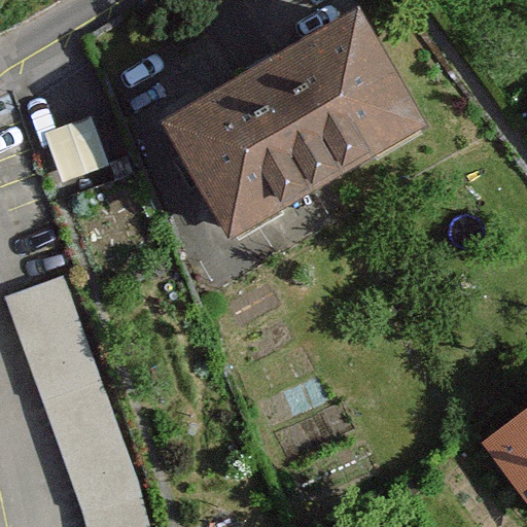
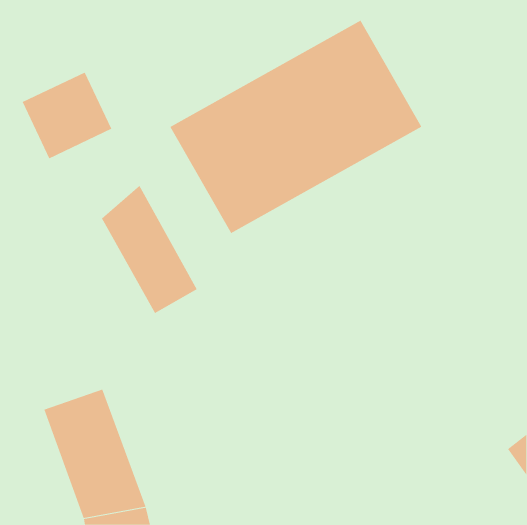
building: none -> [101,185,197,314]
building: [5,277,102,406] -> none

